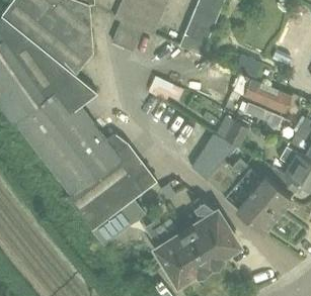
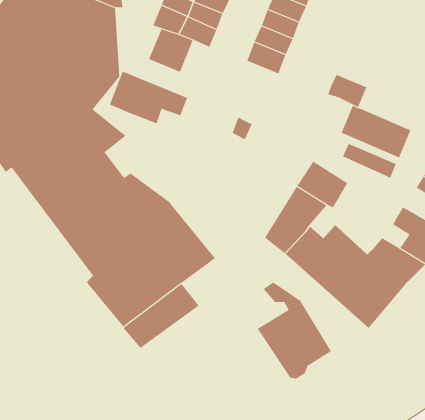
building: none -> [109,71,188,124]
building: [152,224,208,284] -> none

